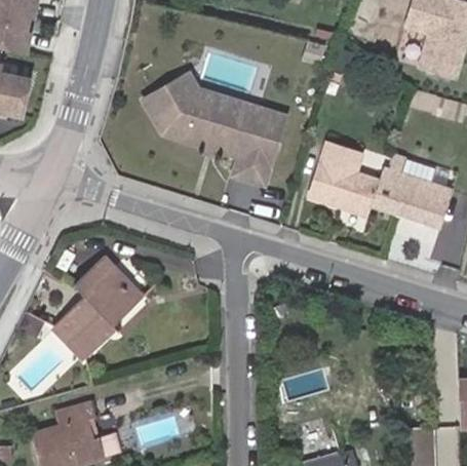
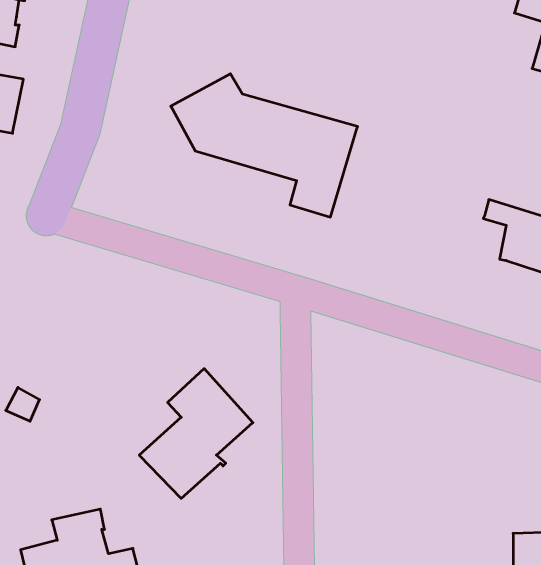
building: [309,144,398,216] -> none
building: [51,261,138,359] -> [139,369,253,498]

